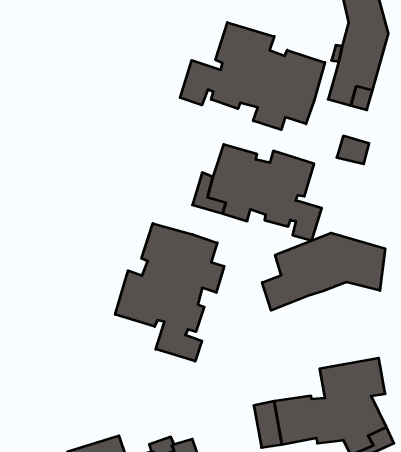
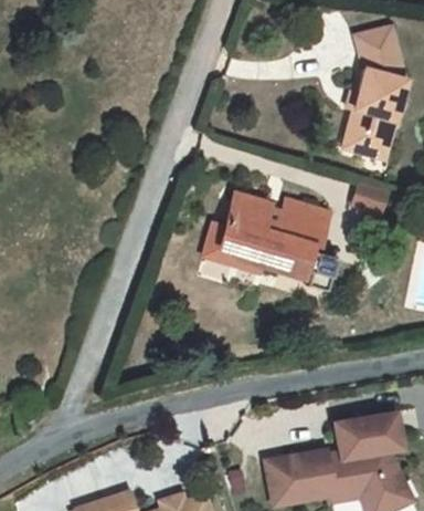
building: [180,22,325,130] -> none
building: [115,223,224,361] -> none
building: [262,233,385,310] -> none

